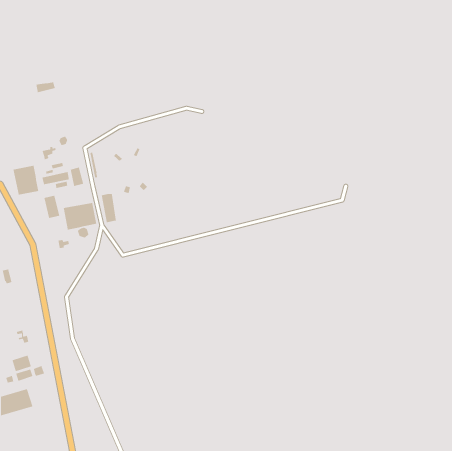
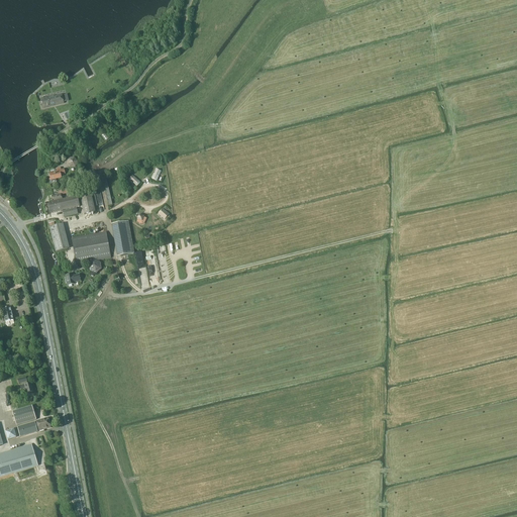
building: [12,165,39,195] -> none

